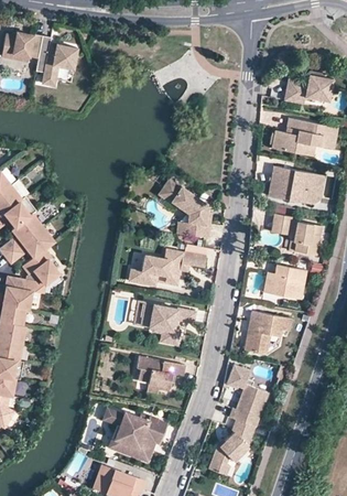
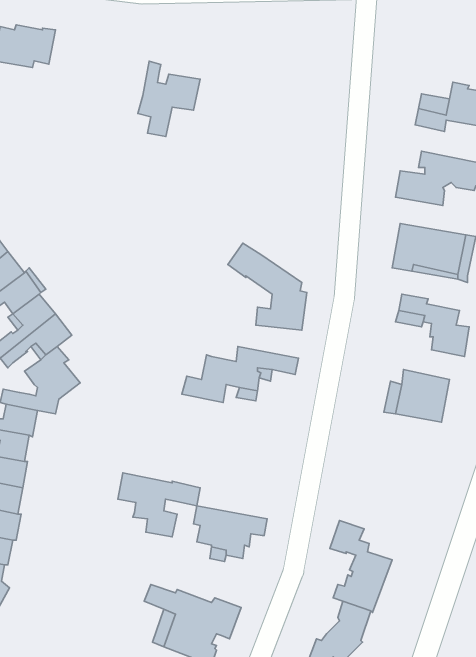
building: [35,36,77,87] -> [138,61,200,137]
building: [141,302,196,345] -> [118,473,200,537]
building: [245,312,292,355] -> none

